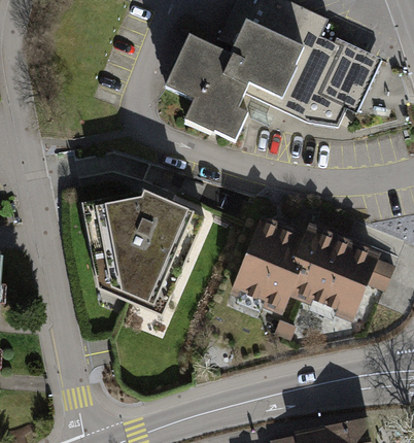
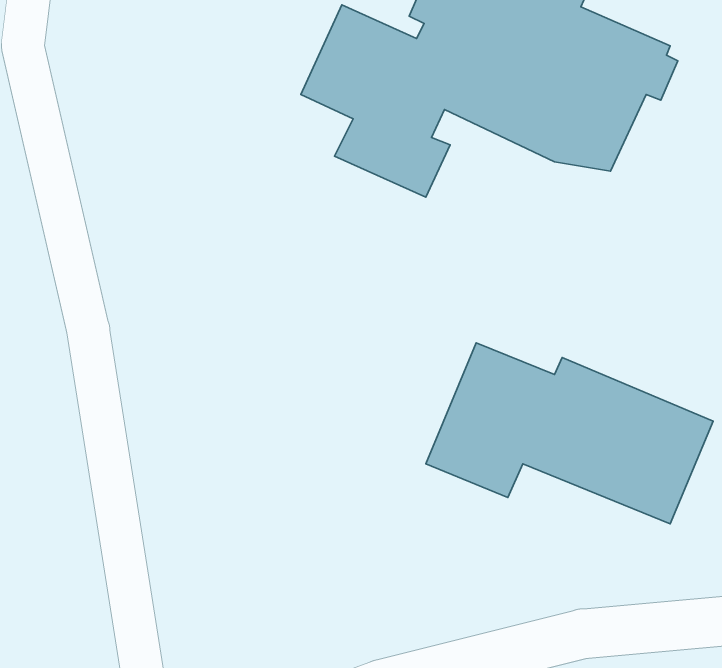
building: [82,191,206,316] -> none

